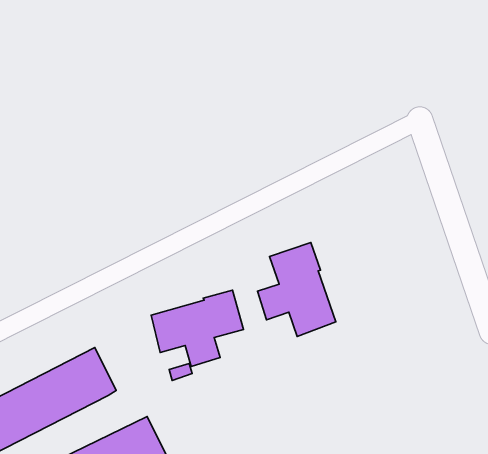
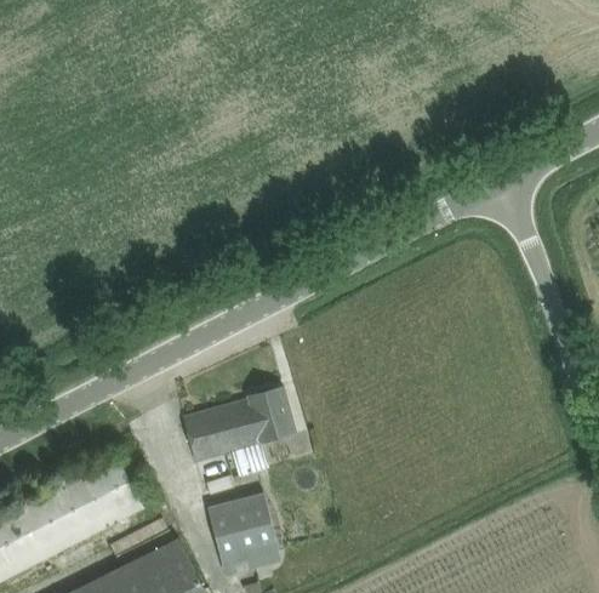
building: [258,242,336,336] -> none
building: none -> [207,495,279,565]

